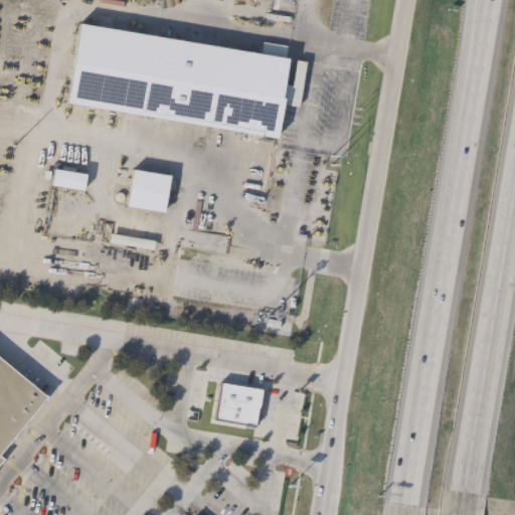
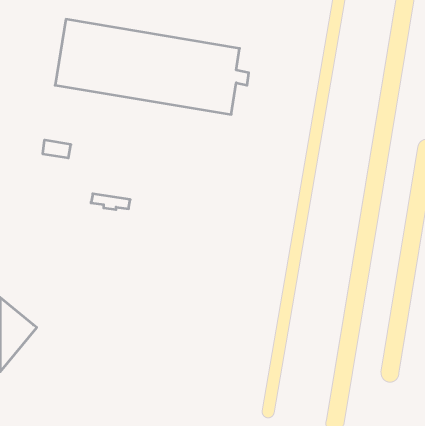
building: [129,170,172,212] -> none
building: [214,380,266,426] -> none

